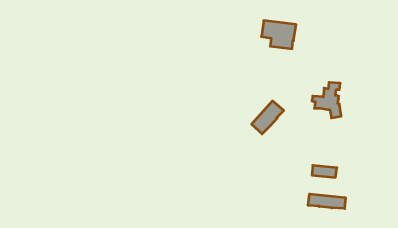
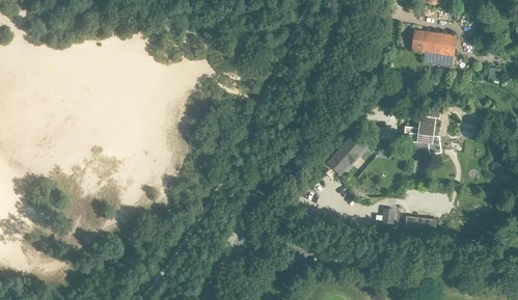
building: [261,21,296,49] -> [411,30,456,66]
building: [308,194,345,209] -> none

